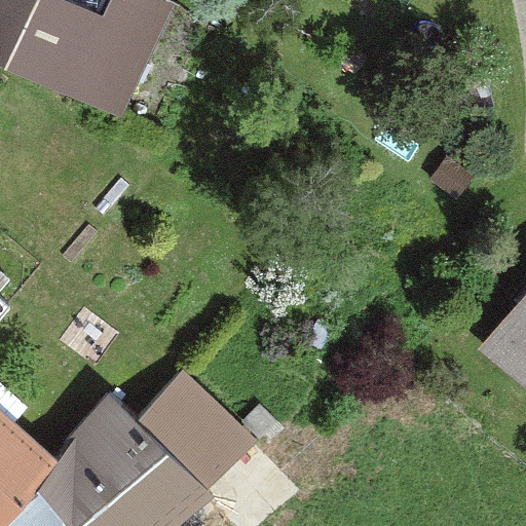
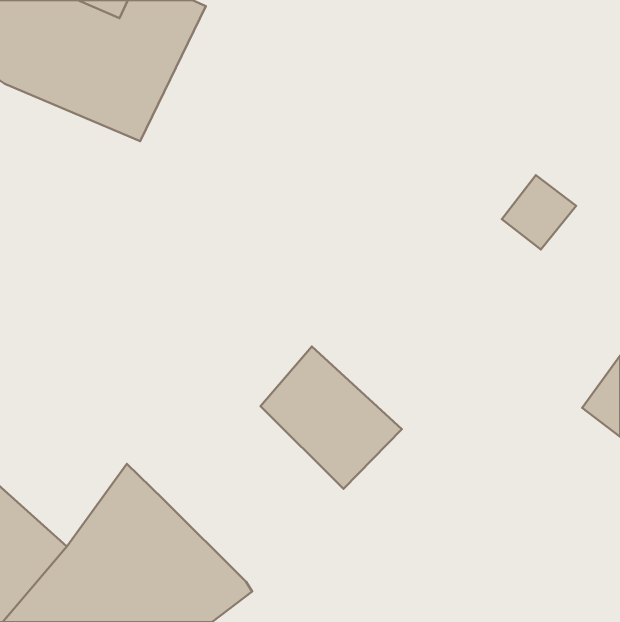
building: [138,371,257,491] -> [261,346,402,489]

